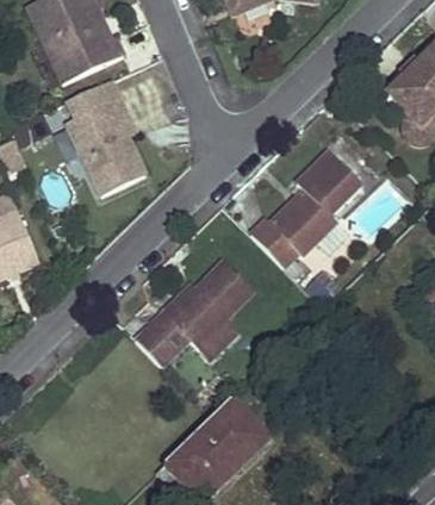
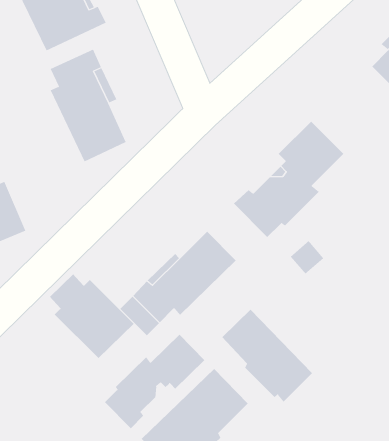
building: none -> [49,274,134,359]
building: none -> [221,309,313,403]
building: none -> [104,334,205,429]

